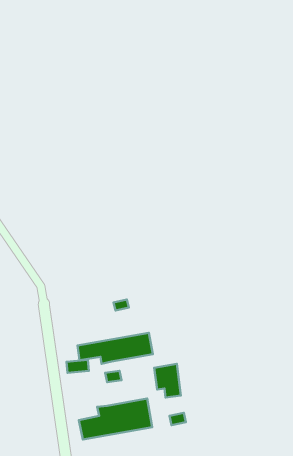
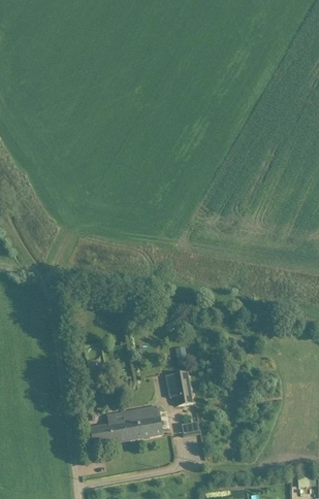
building: [77,333,153,364] -> none

